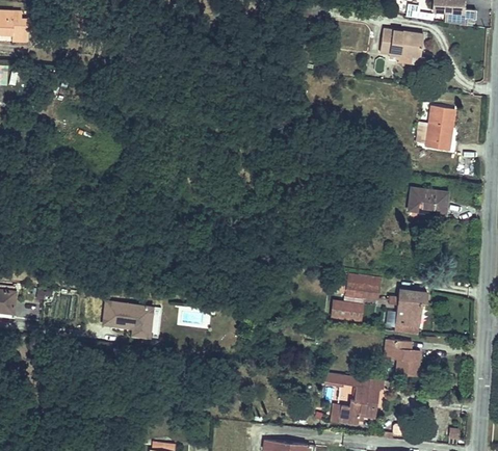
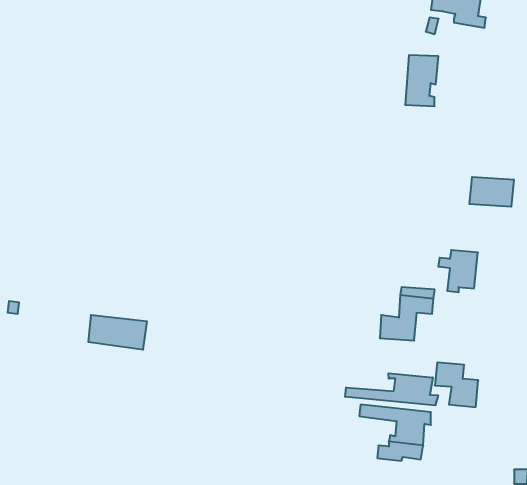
building: [426,108,453,150] -> [405,55,438,106]
building: [389,289,421,323] -> [438,250,478,292]
building: none -> [345,373,438,405]

